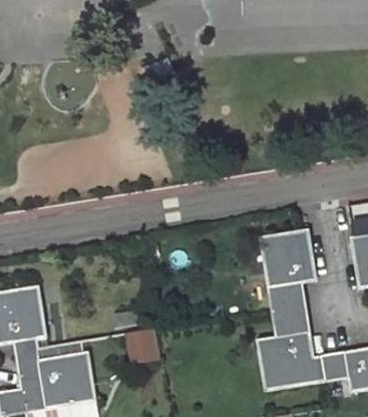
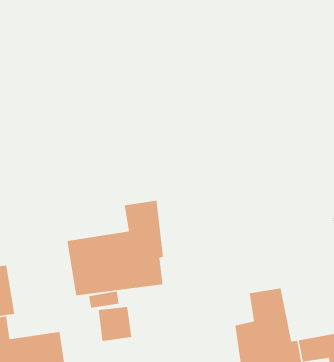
building: none -> [67,200,164,296]
building: [262,231,316,311] -> none

